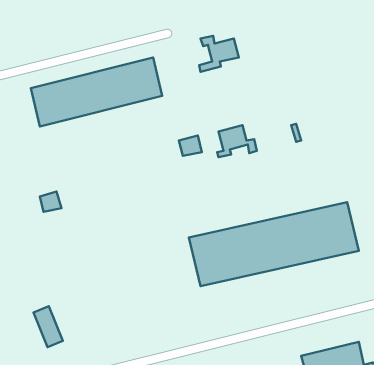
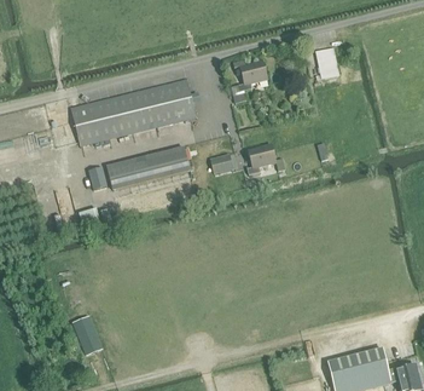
building: none -> [315,46,339,79]
building: none -> [108,146,190,190]
building: [189,202,359,286] -> none

